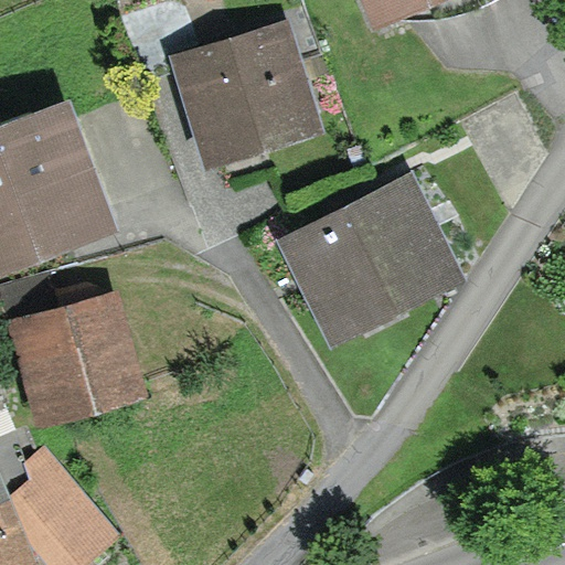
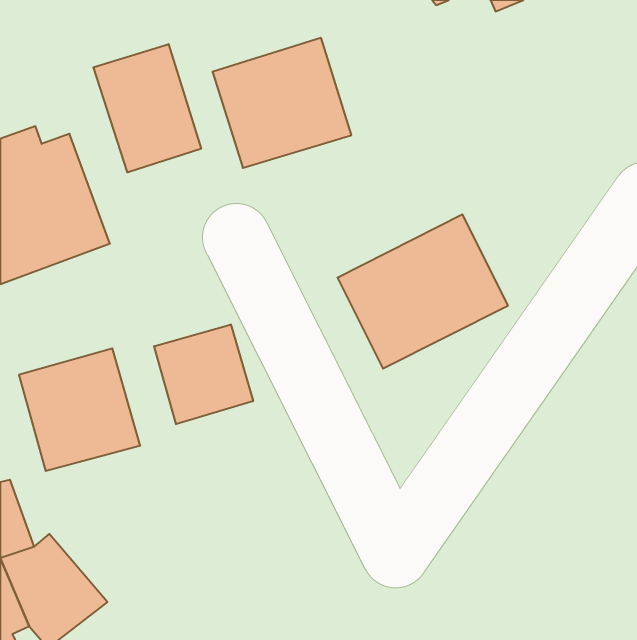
building: none -> [93,44,201,172]
building: none -> [154,324,253,424]

